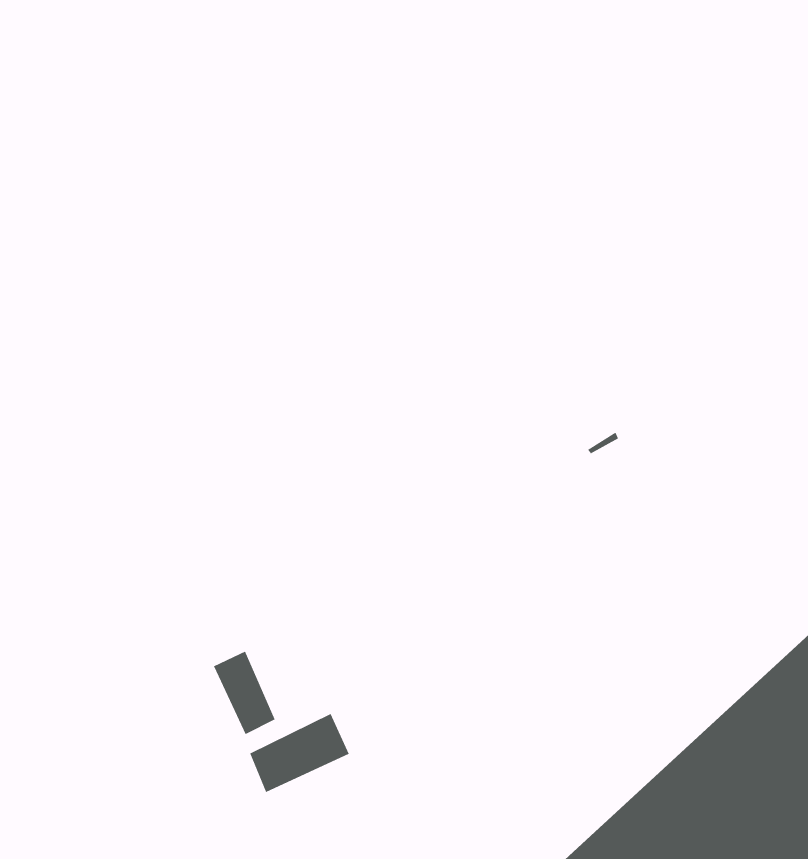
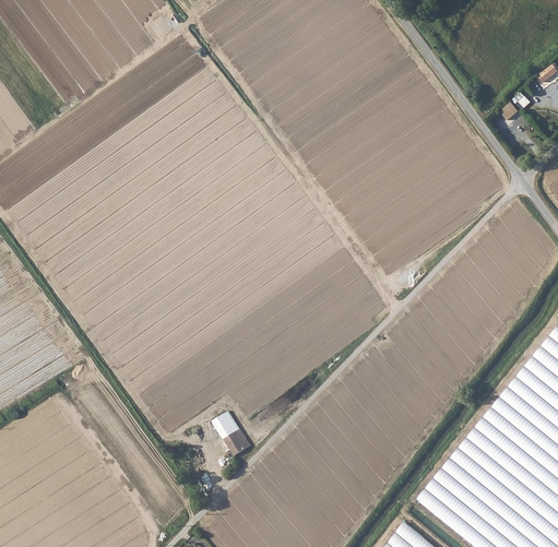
building: [249,713,349,793] -> none

